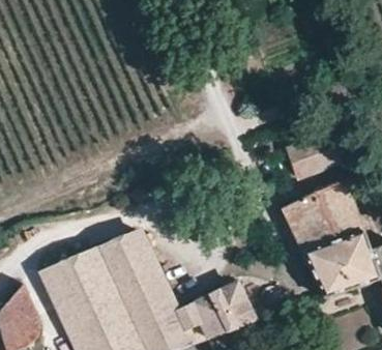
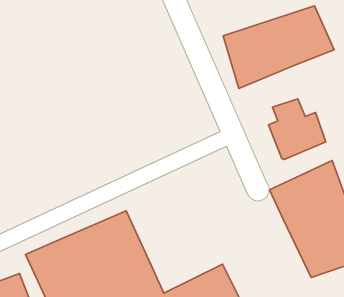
building: none -> [223,6,334,88]

